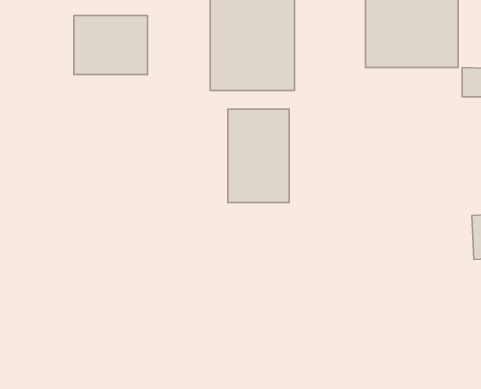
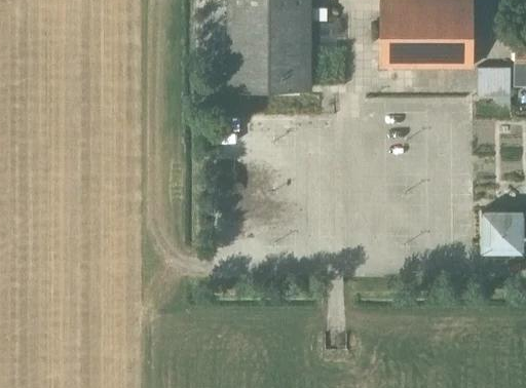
building: [74,16,147,75] -> none
building: [228,109,289,202] -> none

